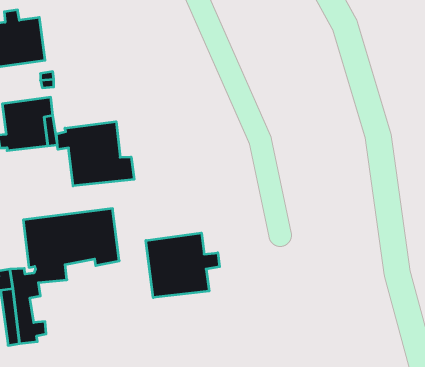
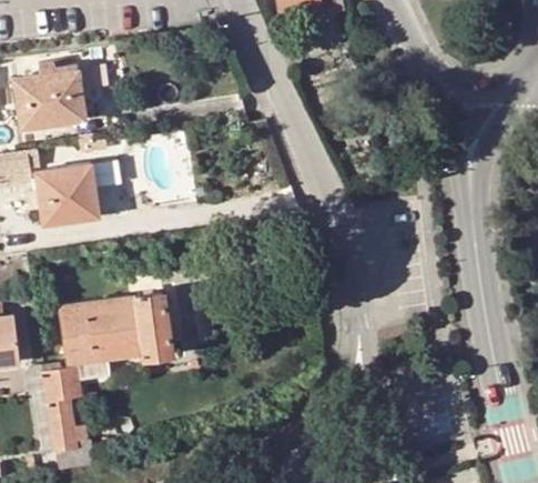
building: [56,122,134,186] -> none
building: [146,233,220,298] -> none

